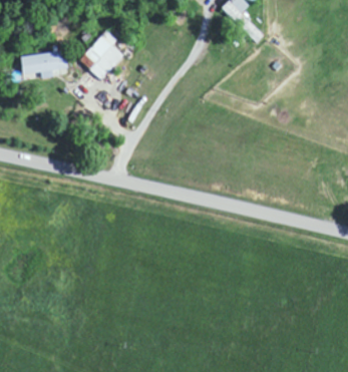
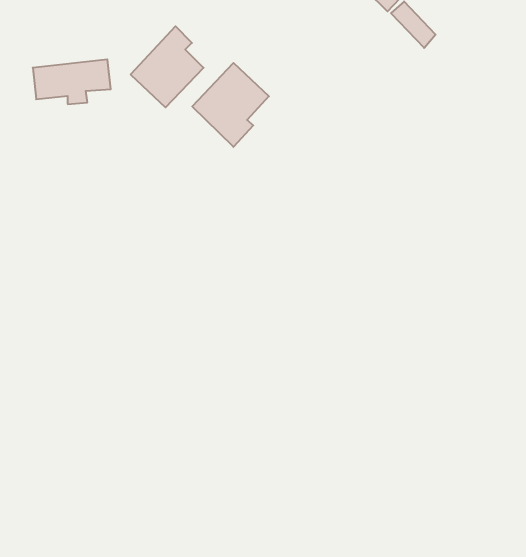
building: none -> [192,63,269,147]

